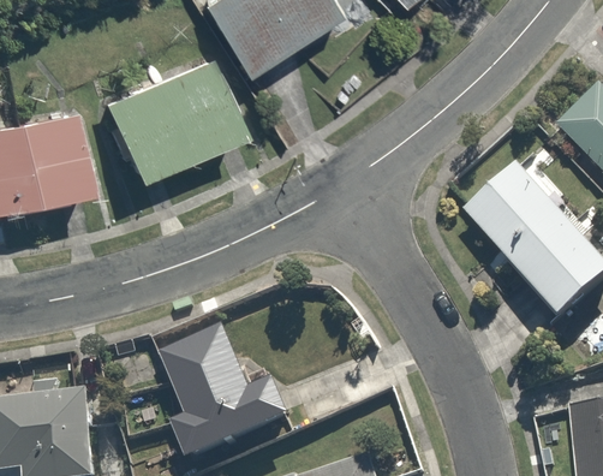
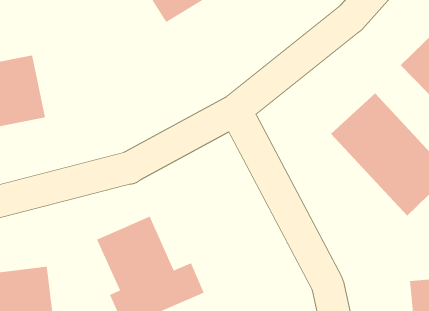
building: [100,52,245,182] -> none

